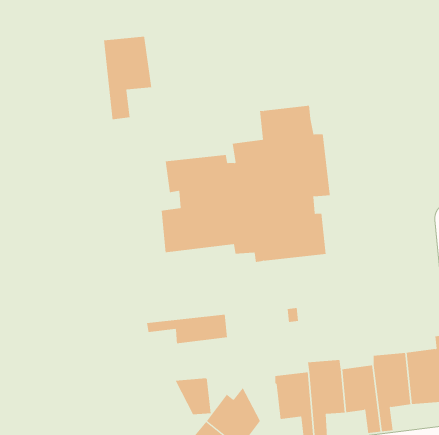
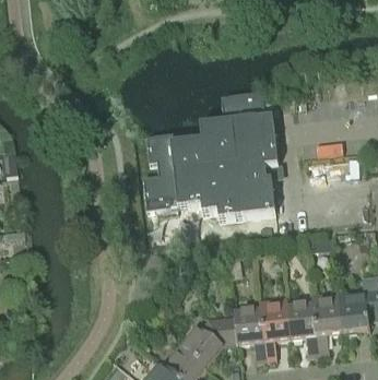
building: [104,36,152,120] -> none
building: [147,314,228,344] -> none
building: [175,378,212,415] -> [209,317,238,346]

